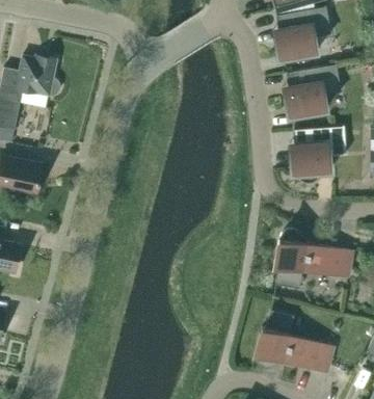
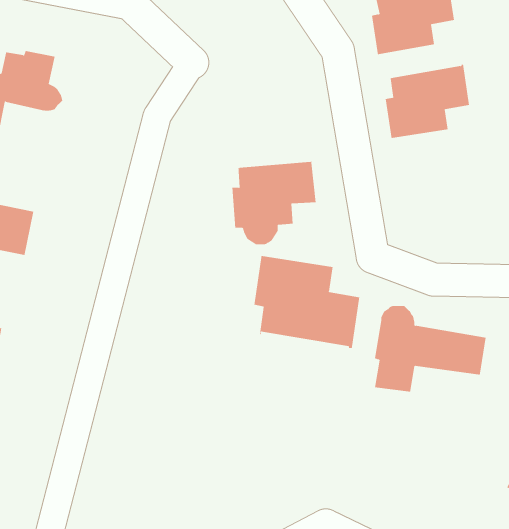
building: [290,126,348,184] -> [231,160,316,245]
building: none -> [254,255,360,349]
building: [256,311,335,373] -> none

